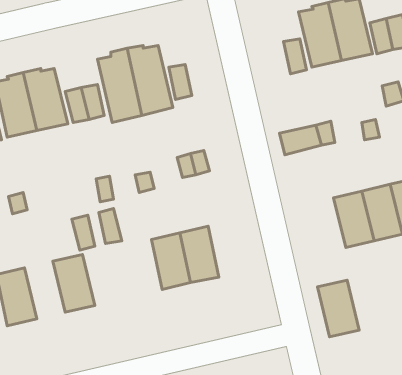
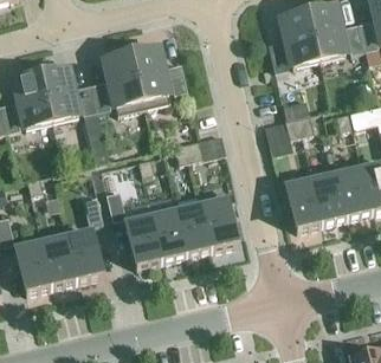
building: none -> [201,197,237,248]
building: none -> [125,215,161,265]
building: none -> [40,234,76,285]
building: [317,280,359,337] -> [285,179,322,228]

